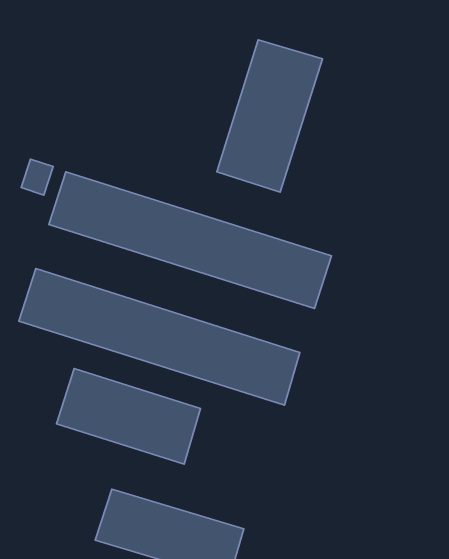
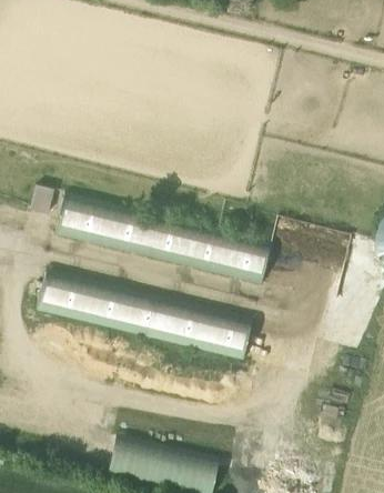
building: [217,40,322,192] -> none
building: [57,369,201,464] -> none

